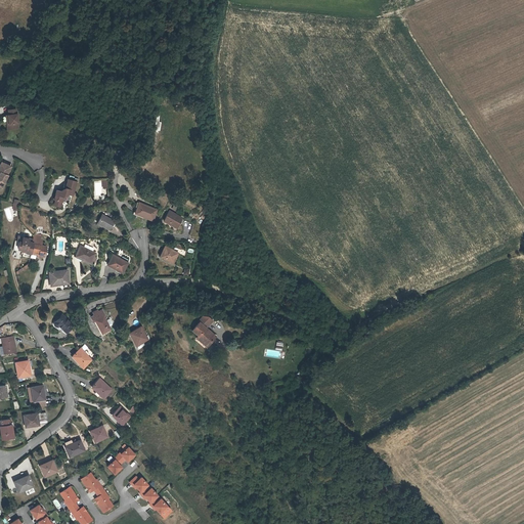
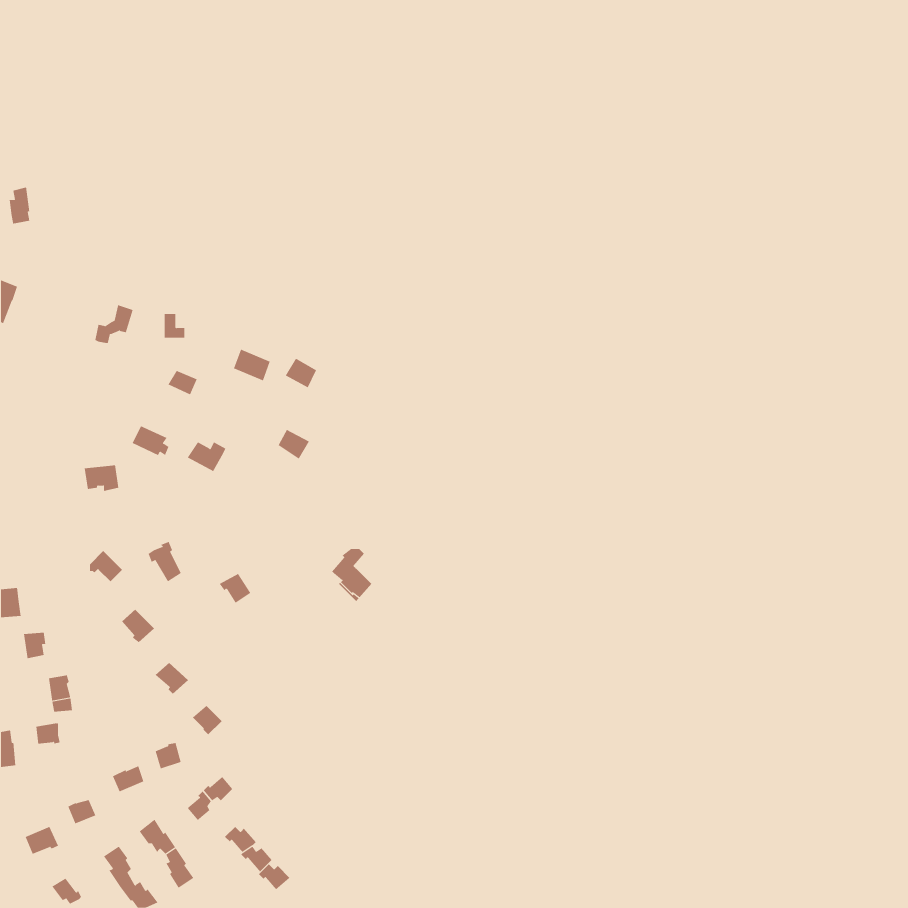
building: [13,234,48,256] -> none

